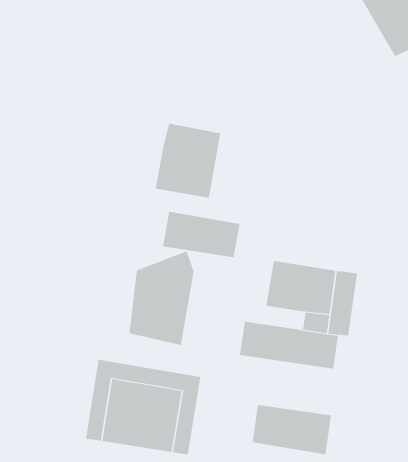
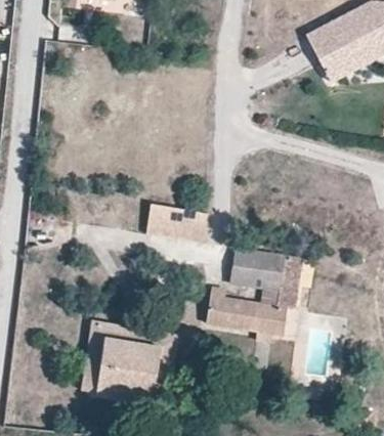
building: [155,123,221,198] -> none
building: [129,250,194,346] -> none
building: [252,404,332,455] -> none

